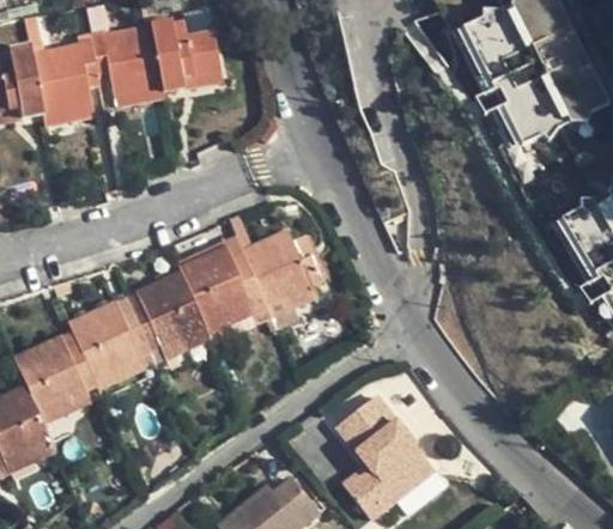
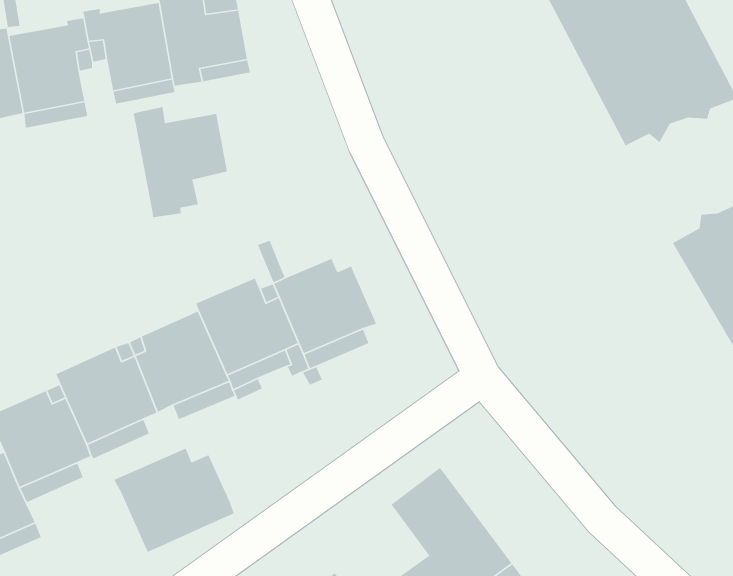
building: none -> [133,106,228,218]
building: none -> [113,448,235,553]

